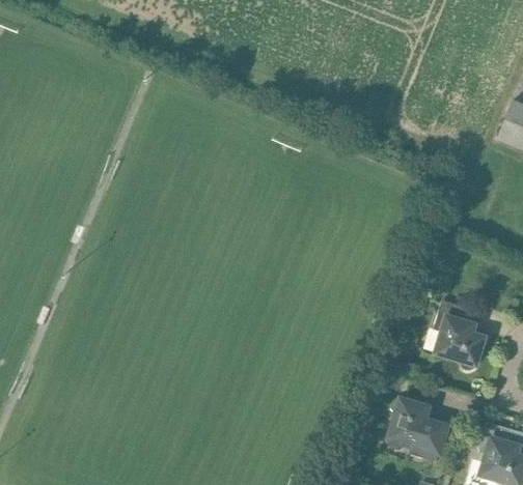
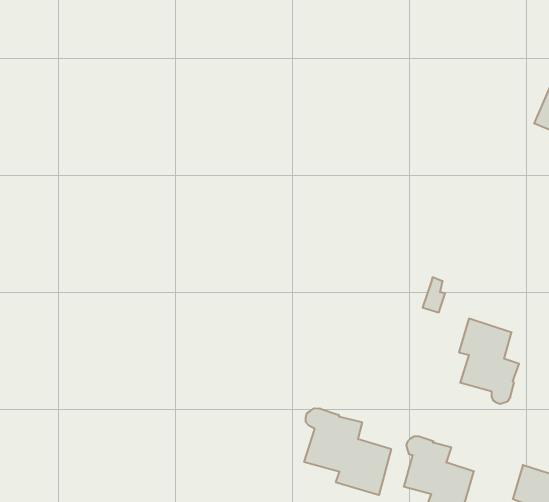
building: none -> [304,408,391,495]

